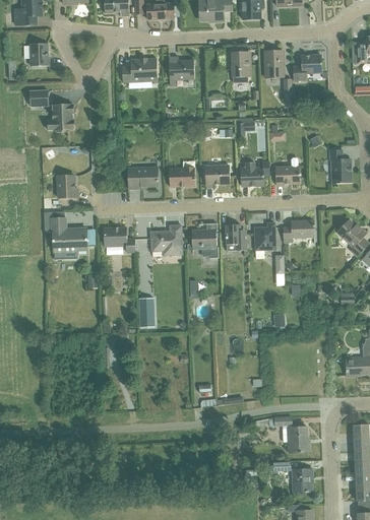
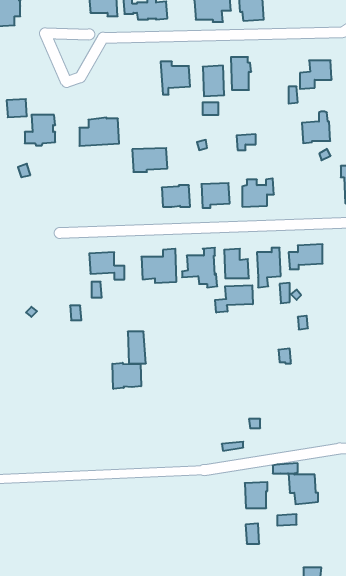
building: [29,43,49,65] -> none
building: [263,50,283,77] -> [203,66,224,96]
building: [122,57,158,82] -> [79,118,119,146]
building: [274,156,300,185] -> [302,111,330,143]
building: [127,167,159,188] -> [132,148,167,172]
building: [57,174,77,197] -> none
building: [52,216,87,258] -> none
building: none -> [215,285,253,313]
building: none -> [112,363,141,389]
building: [292,467,312,491] -> [245,482,267,508]

